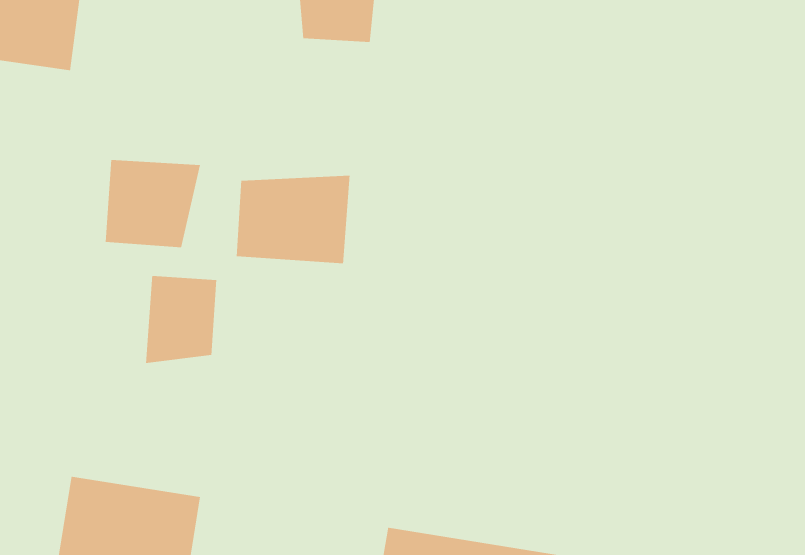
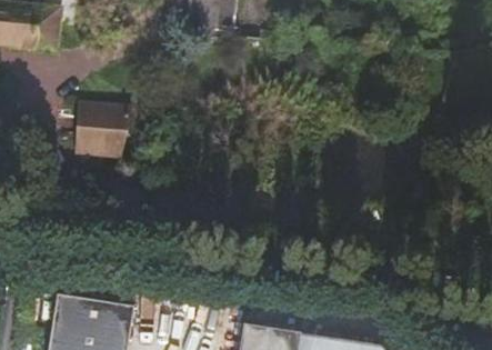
building: [236,175,350,264] -> none
building: [145,275,217,364] -> none

